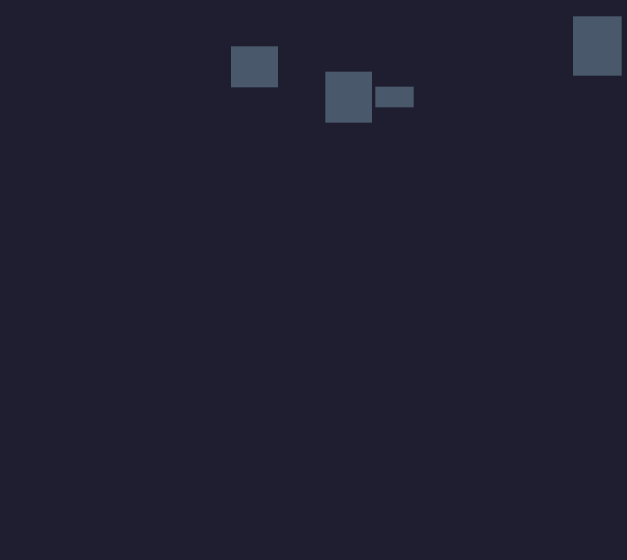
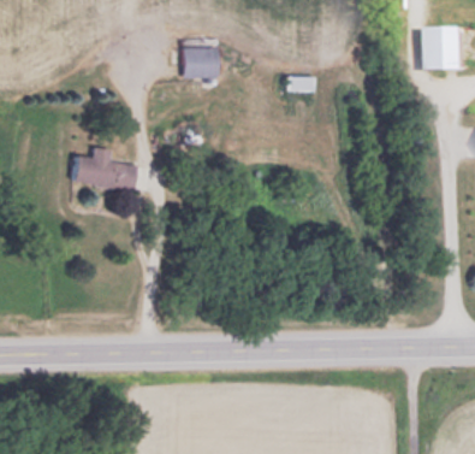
building: [325,71,372,123] -> none
building: none -> [70,149,135,190]

